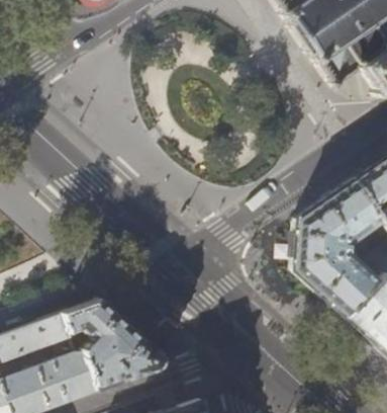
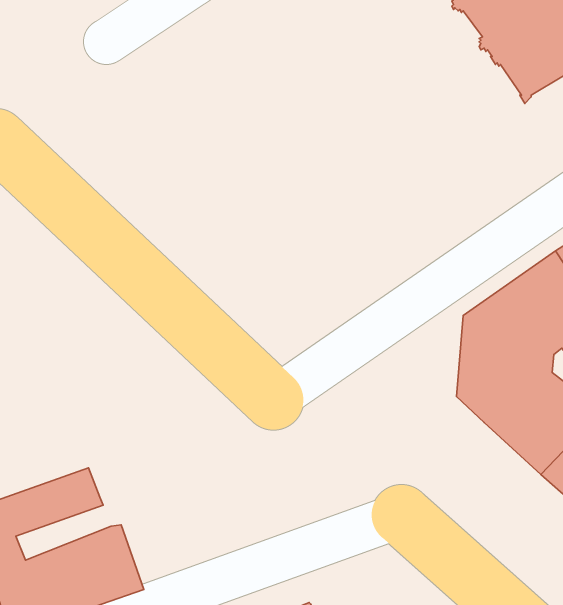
building: [67,300,167,390] -> none

